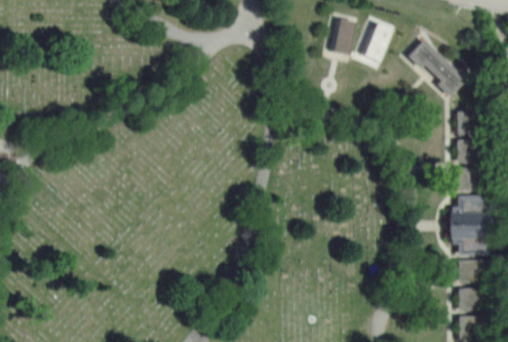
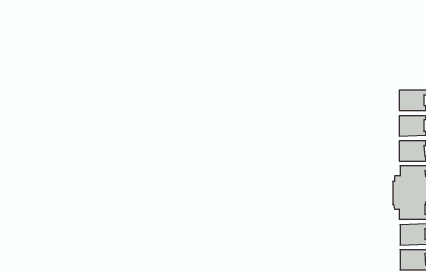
building: [328,15,360,55] -> none
building: [356,18,399,65] -> none
building: [408,39,466,96] -> none

